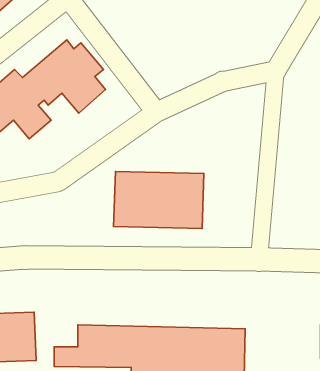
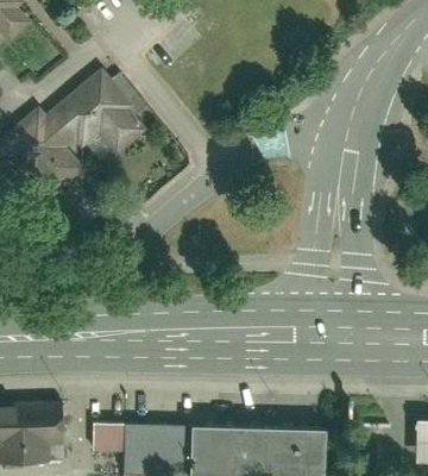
building: [114,171,204,228] -> none

